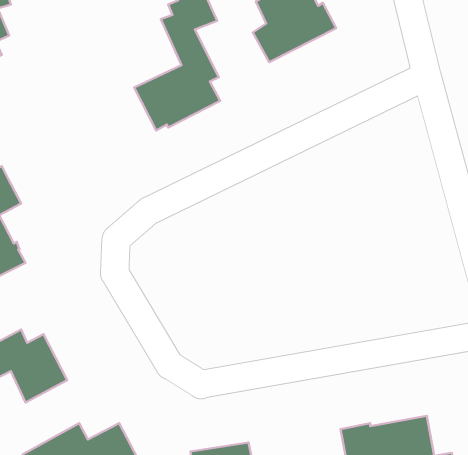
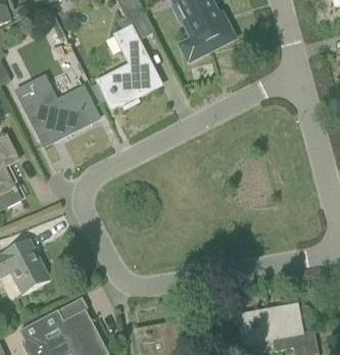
building: none -> [16,75,99,145]

